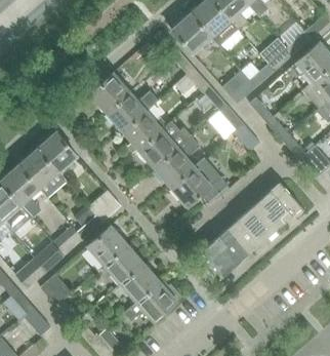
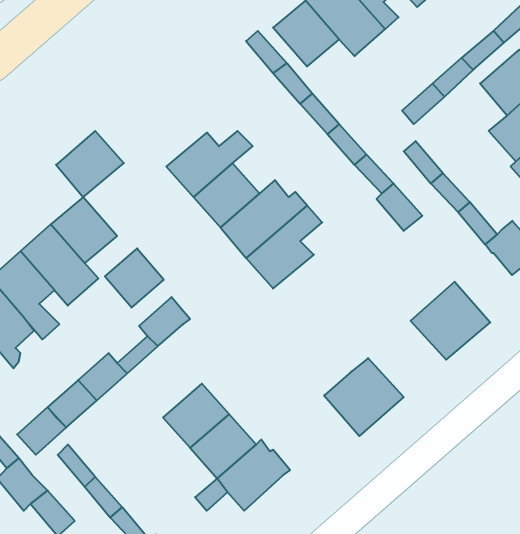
building: [222,71,256,104] -> none
building: [90,73,131,113] -> [56,131,124,197]
building: [171,157,229,206] -> none
building: none -> [105,248,164,308]
building: [229,206,276,252] -> none
building: [88,225,128,265] -> none

